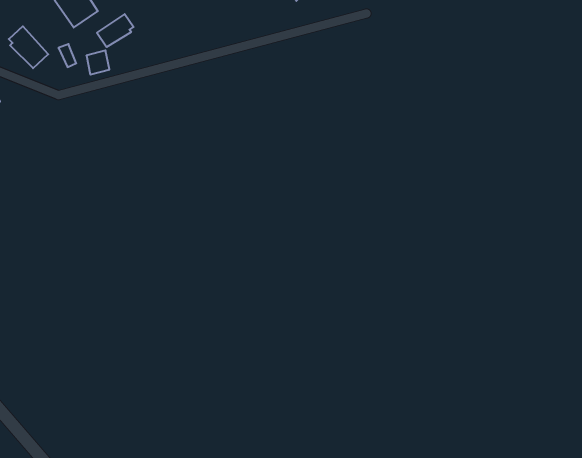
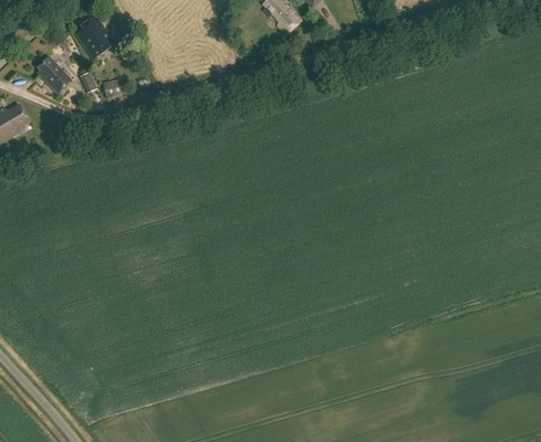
building: [97,14,134,47] -> none

